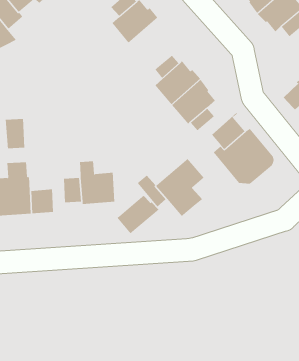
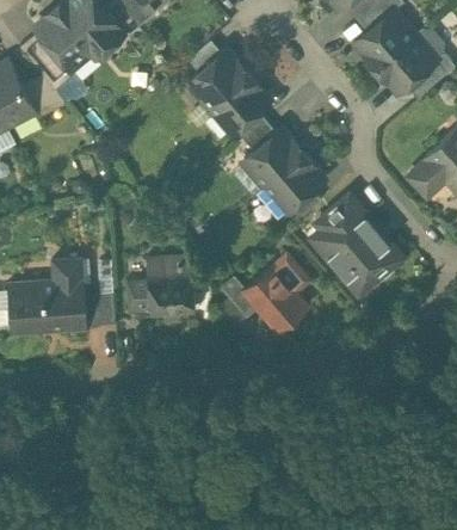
building: none -> [210,75,268,134]
building: [5,118,25,149] -> none
building: [117,195,160,234] -> none

